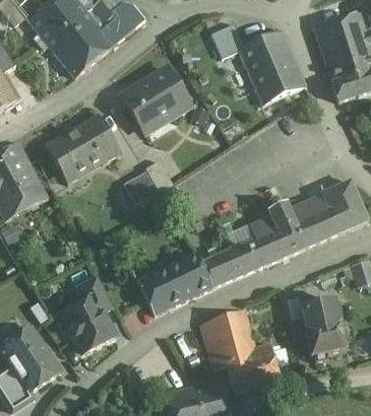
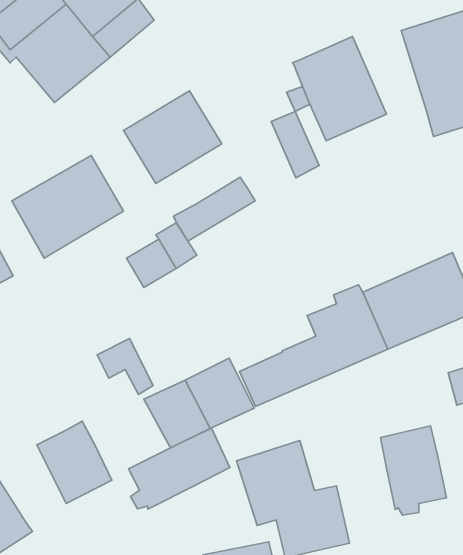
building: [211,23,244,58] -> none
building: none -> [271,111,319,178]
building: none -> [174,177,255,241]
building: [74,275,113,314] -> [97,339,153,394]
building: none -> [129,428,230,509]

